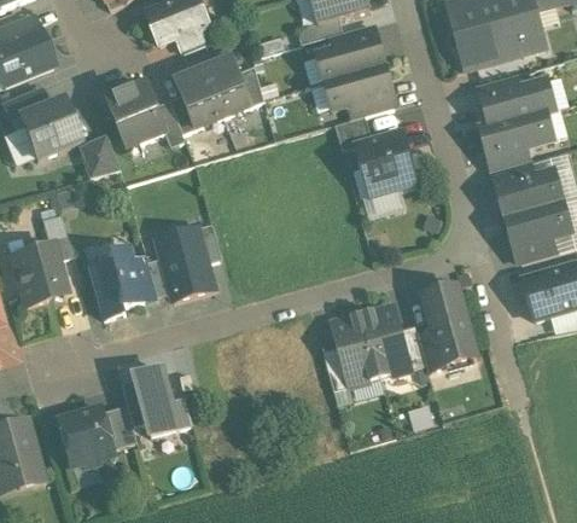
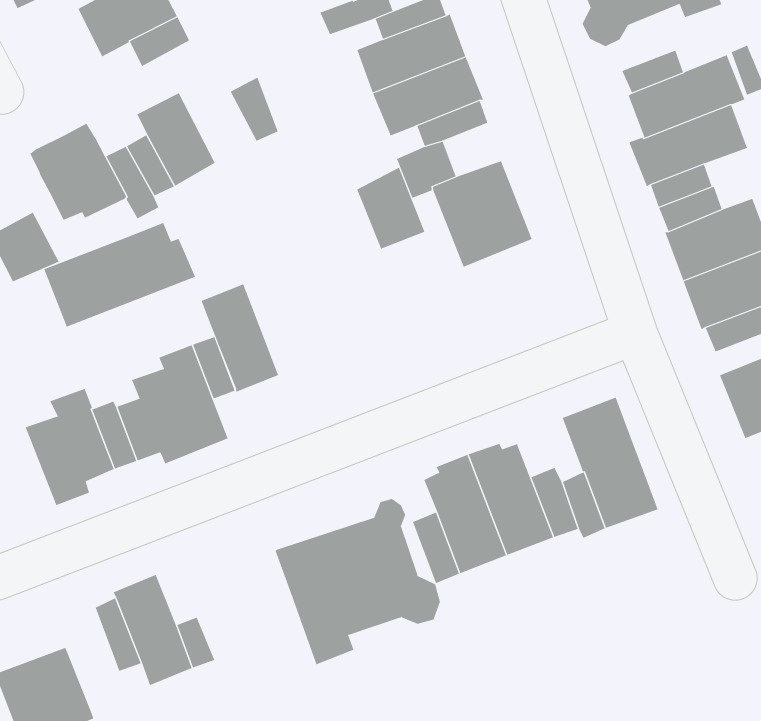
building: [204,59,249,116] -> none
building: none -> [356,167,425,250]
building: none -> [44,222,196,328]
building: none -> [201,283,279,393]
building: none -> [275,498,441,665]
building: [101,403,136,448] -> none

